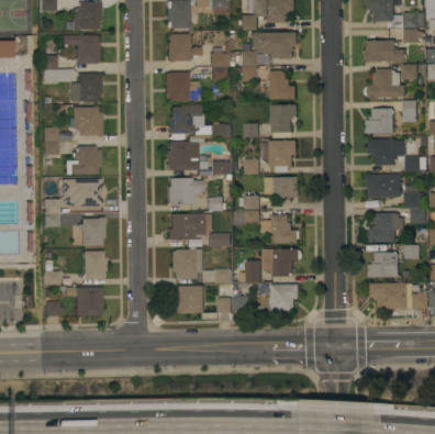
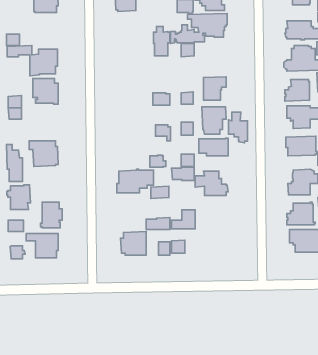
building: [168,33,202,62] -> none
building: [63,35,100,64] -> none
building: [268,69,295,99] -> none
building: [166,71,200,100] -> none
building: [169,103,204,133] -> none
building: [167,137,204,170] -> none
building: [65,145,99,174] -> none
building: none -> [228,112,247,143]
building: [168,178,204,203] -> none
building: [76,218,103,246] -> [7,185,30,209]
building: [171,246,201,278] -> none
building: [263,248,302,276] -> none
building: [271,283,299,310] -> none

